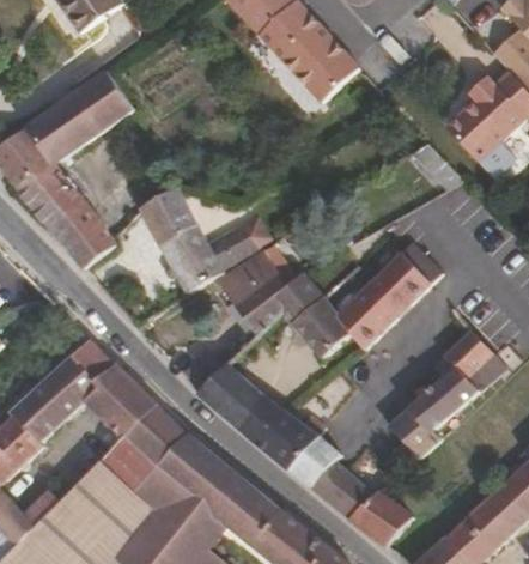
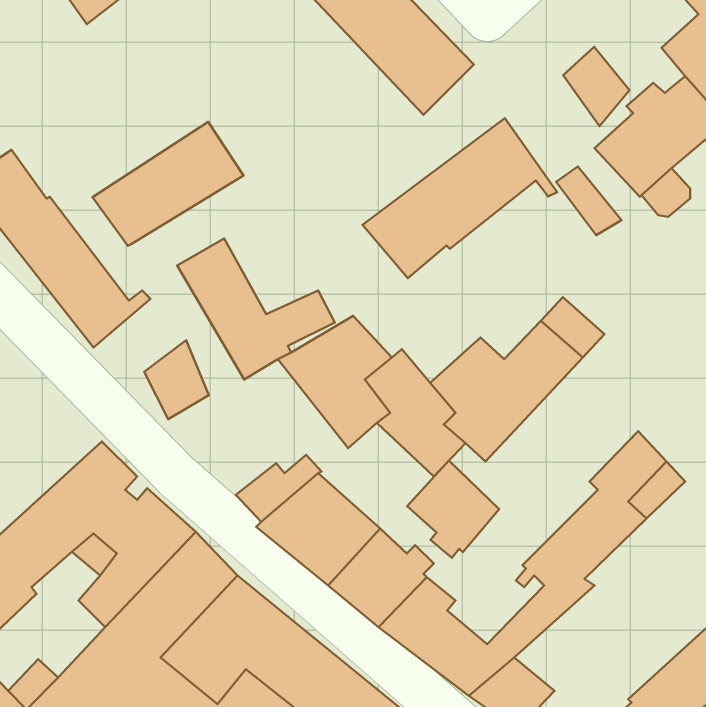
building: none -> [563,47,630,126]
building: [25,74,133,163] -> [93,122,243,246]
building: none -> [363,118,557,278]
building: none -> [144,340,209,419]
building: none -> [407,460,499,558]

